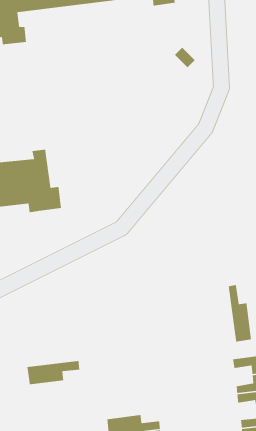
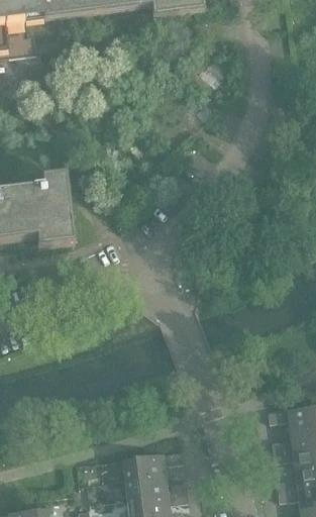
building: [228,284,252,342] -> none
building: [27,360,80,385] -> [122,451,183,480]

